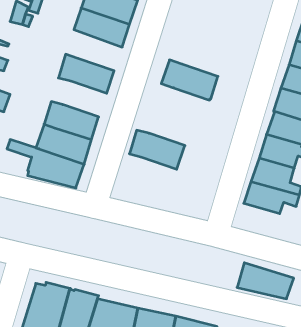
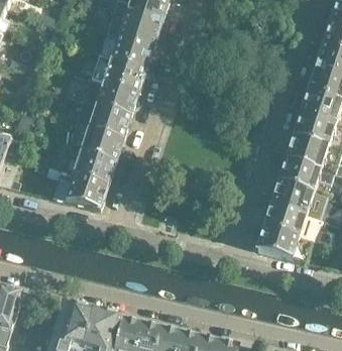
building: [161,60,218,100] -> [91,53,146,93]
building: [129,130,185,169] -> [77,100,131,138]
building: [237,263,294,299] -> [258,223,314,258]

